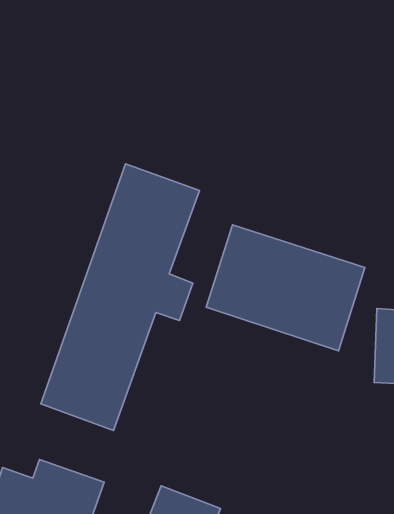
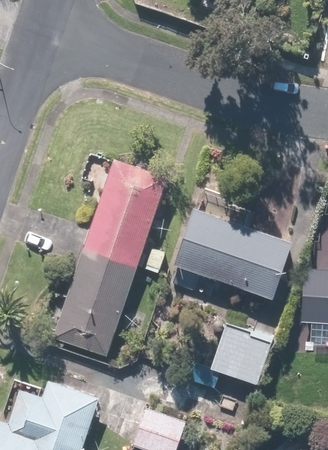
building: none -> [181,319,277,390]

